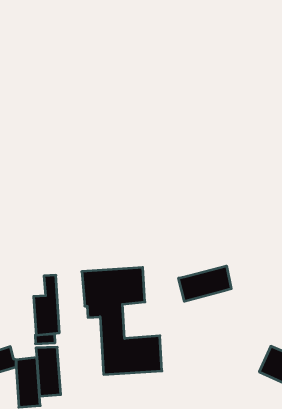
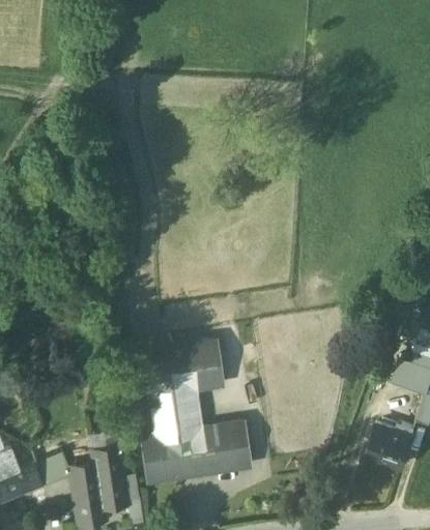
building: [179,266,231,301] -> none
building: [34,275,59,335] -> [145,407,180,481]

